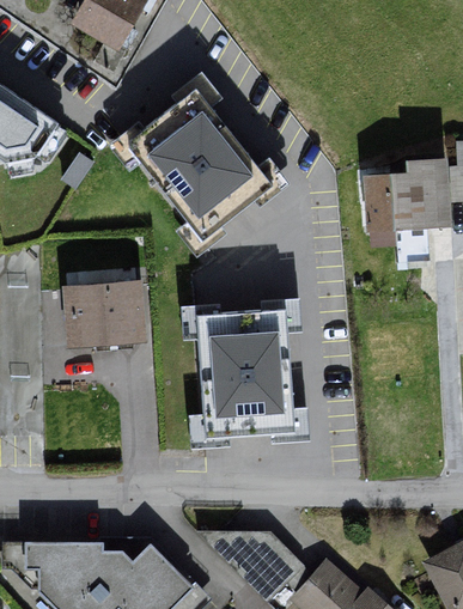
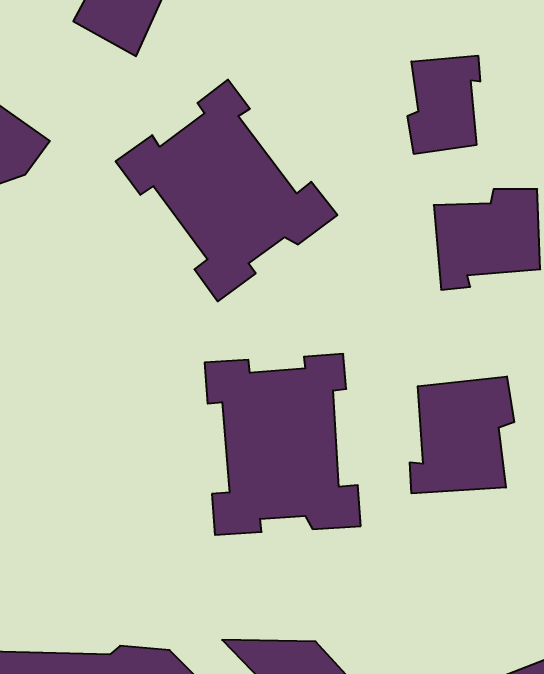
building: none -> [408,56,480,154]
building: [65,285,151,347] -> none
building: none -> [410,376,514,493]

